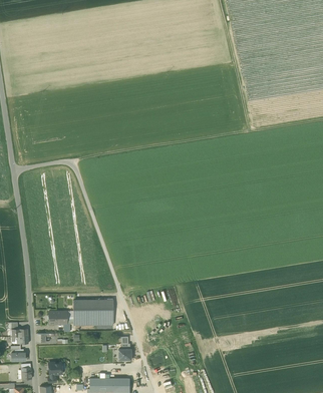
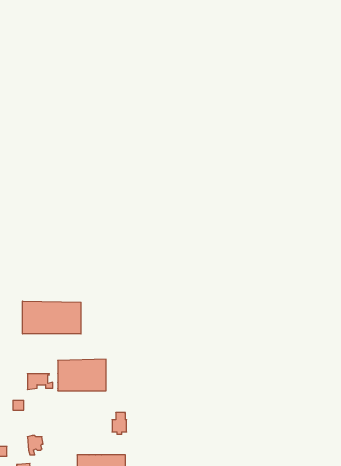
building: none -> [23,301,81,334]

